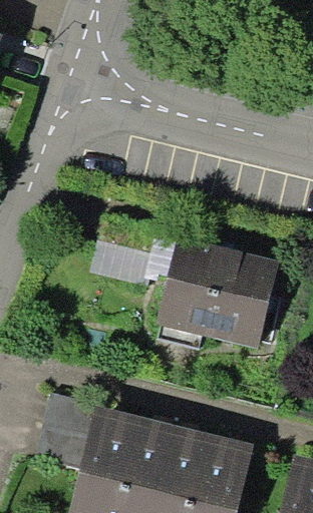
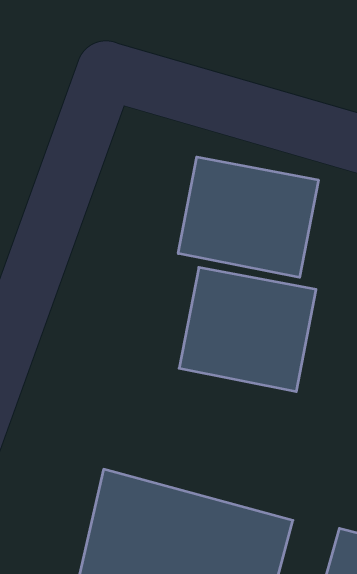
building: none -> [178,157,318,277]

